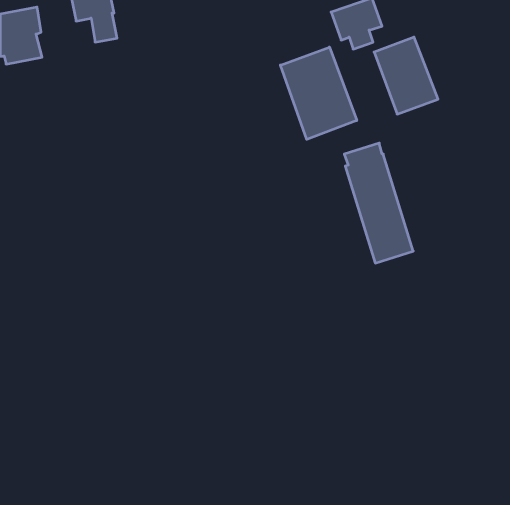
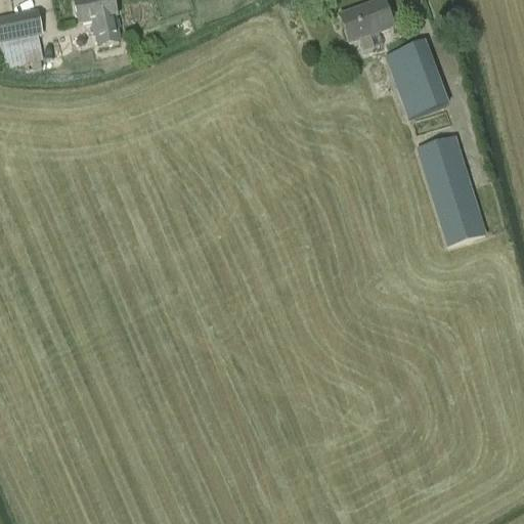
building: [280,47,357,139] -> none
building: [344,143,413,263] -> [416,123,486,246]

